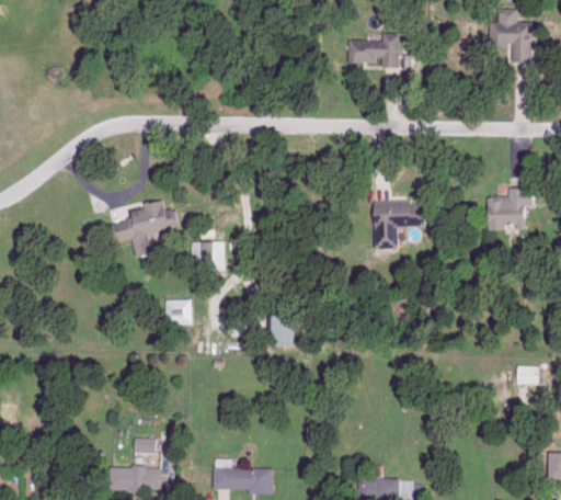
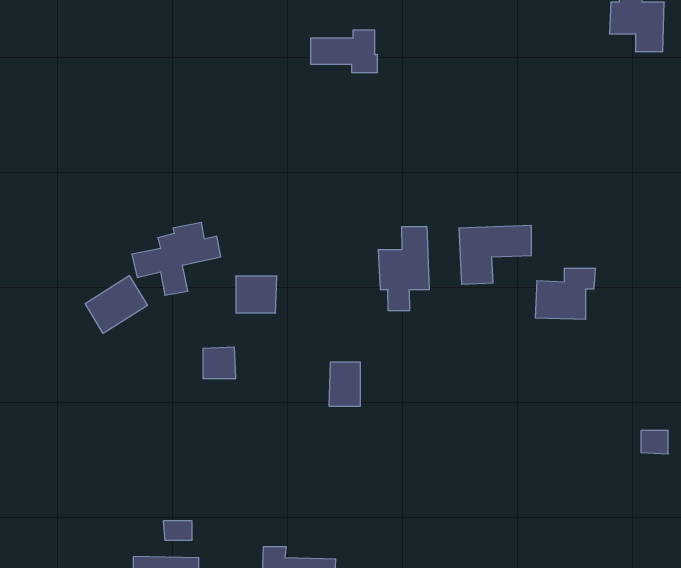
building: [348,33,402,67] -> [311,30,378,73]
building: [485,188,534,228] -> [535,268,596,319]
building: none -> [378,227,429,311]
building: none -> [85,276,147,333]

